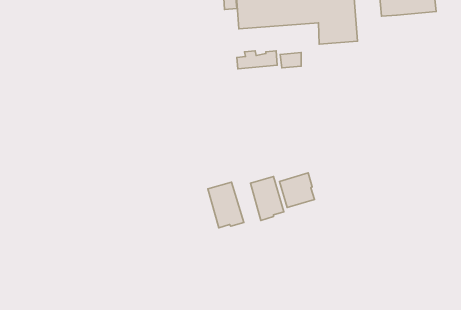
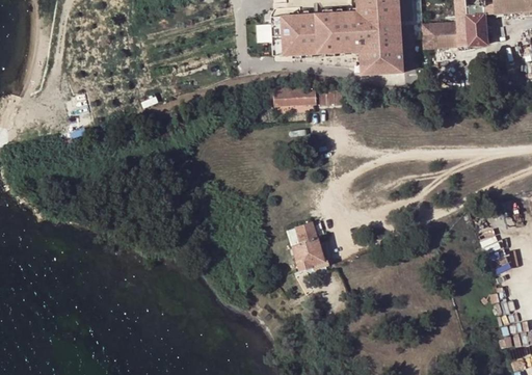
building: [280,173,315,207] -> none
building: [208,182,244,228] -> none

